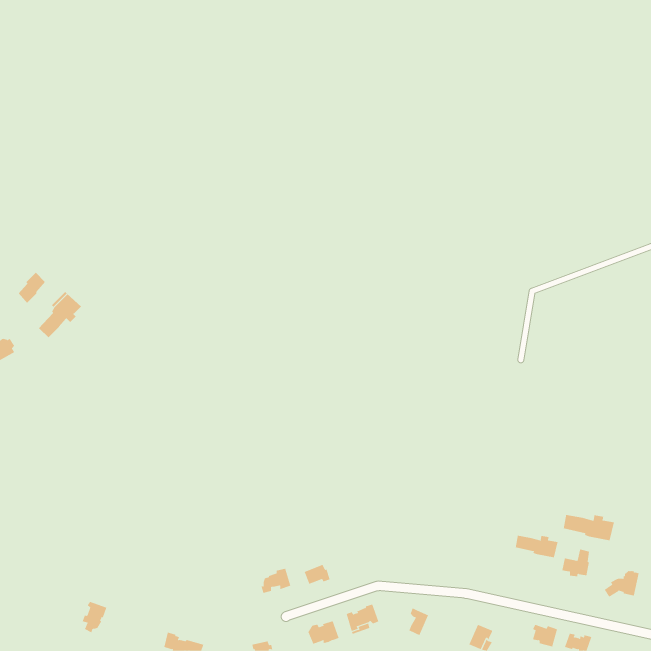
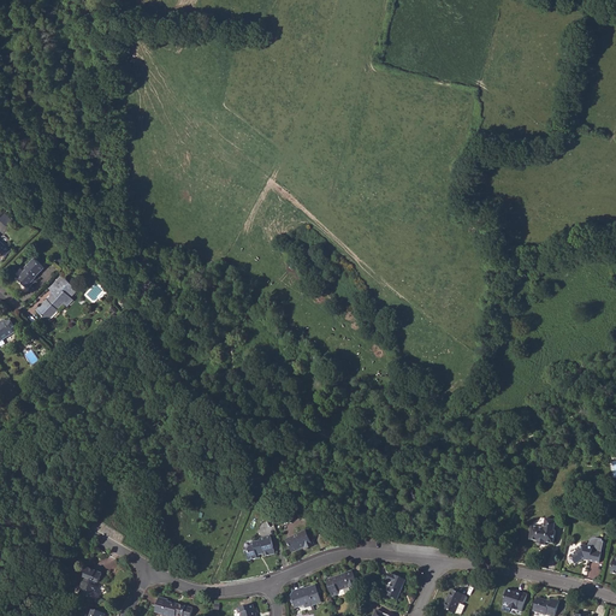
building: [563,514,614,541] -> none
building: [515,535,558,558] -> none

